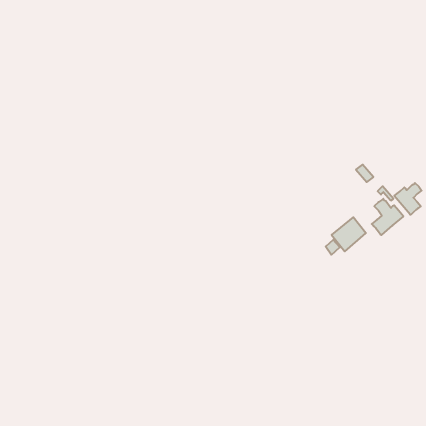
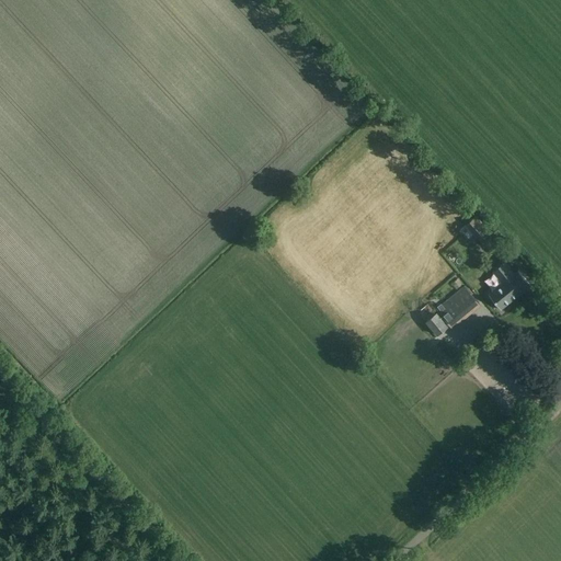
building: [394,183,422,215] -> none

